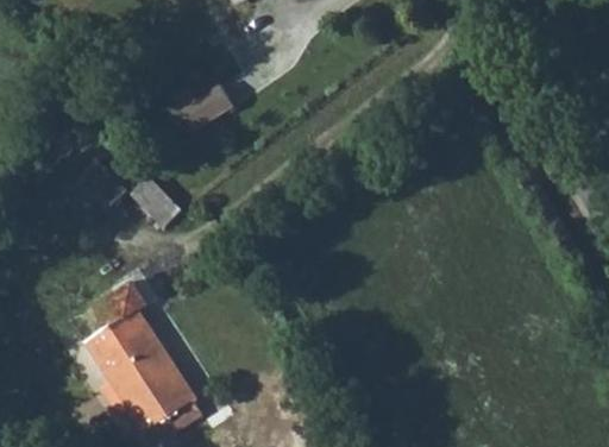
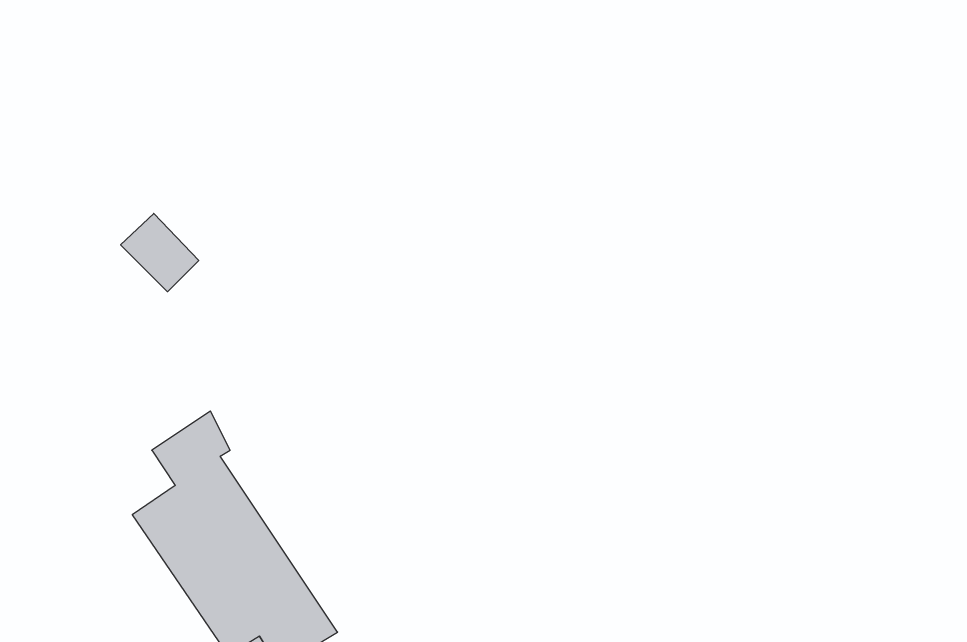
building: [170,80,233,128] -> none
building: [127,175,178,228] -> none

